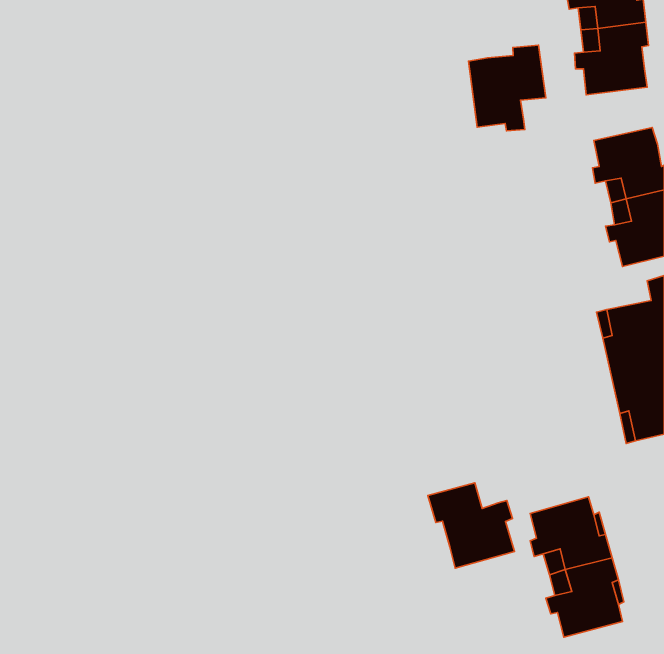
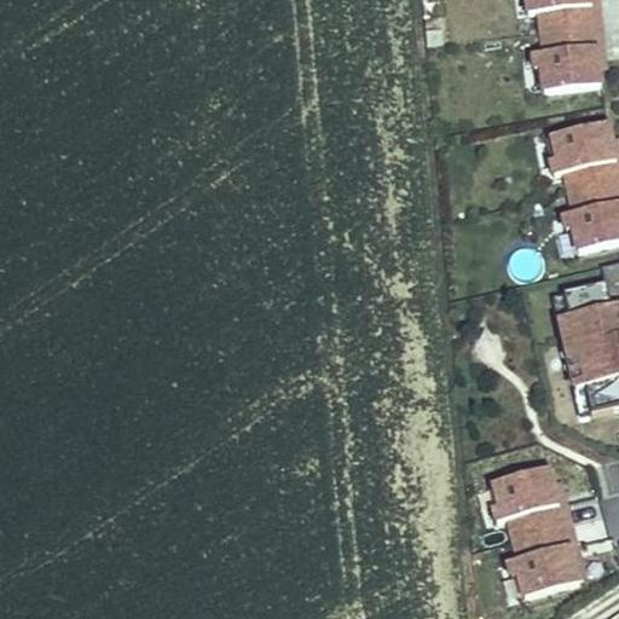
building: [469,45,546,131] -> none
building: [428,483,515,568] -> none

